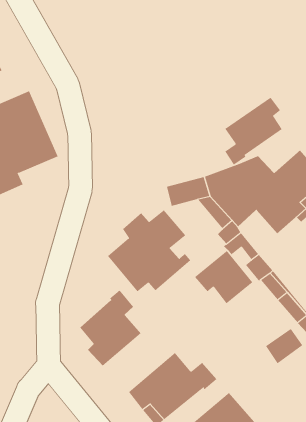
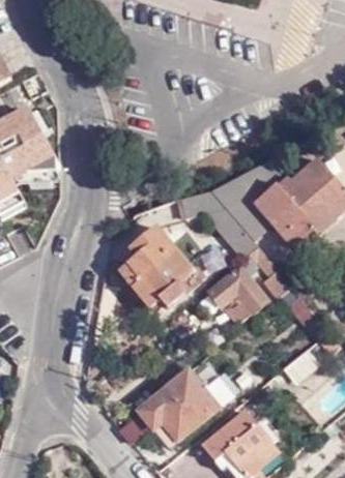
building: [224,97,283,165] -> none
building: [79,289,141,367] -> none

